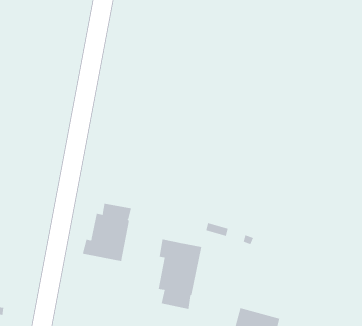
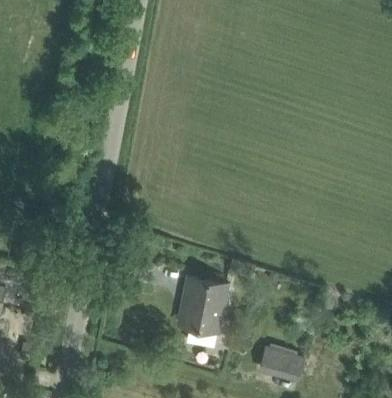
building: [82,203,132,262] -> none

